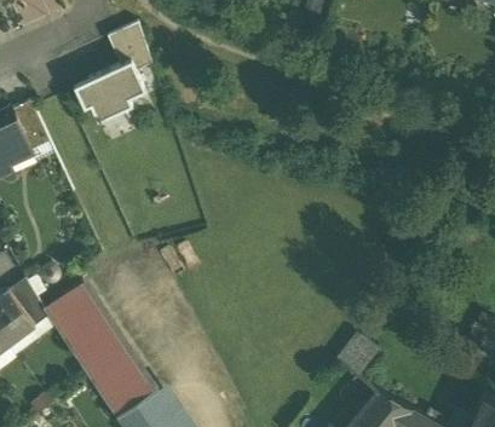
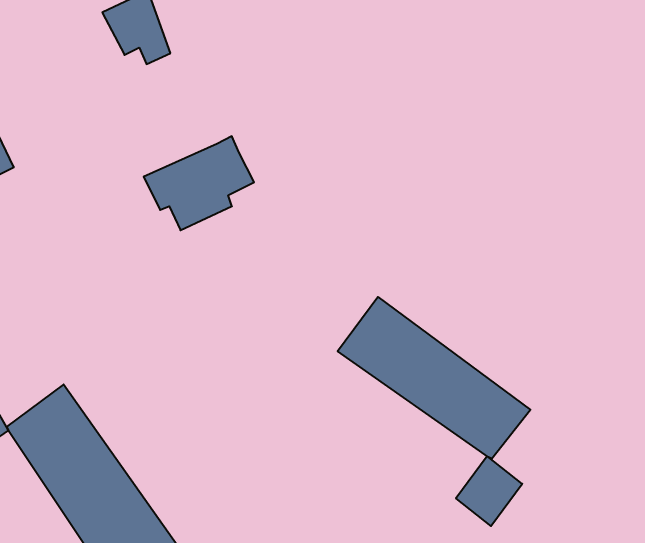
building: [73,60,145,122] -> [144,136,254,230]
building: none -> [338,297,530,459]

